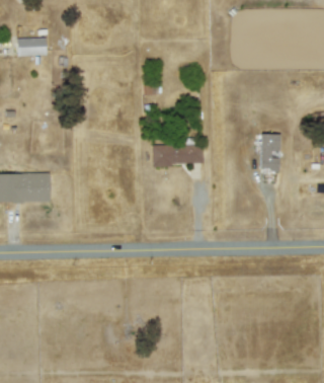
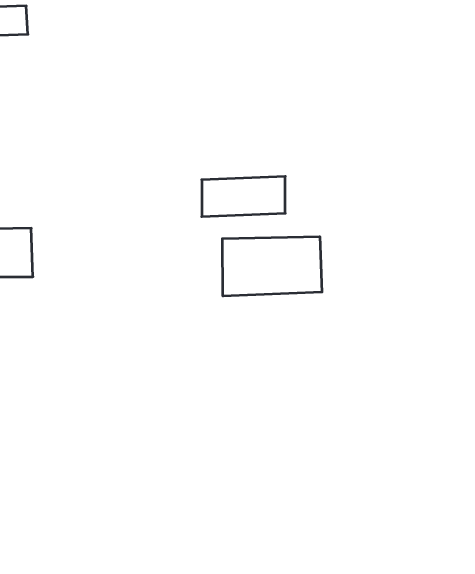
building: [261,134,280,170] -> none
building: none -> [222,237,322,296]

